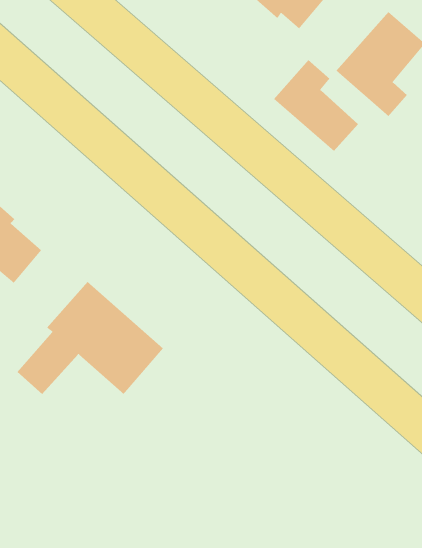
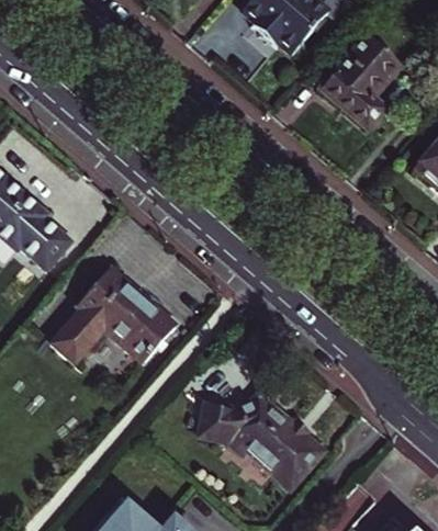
building: [273,59,359,152] -> none
building: none -> [199,398,319,489]

